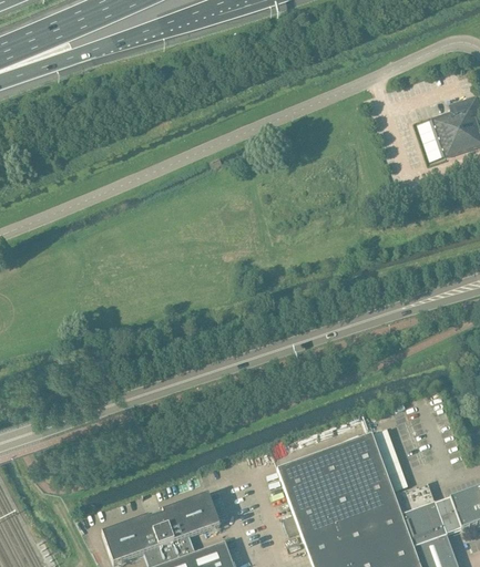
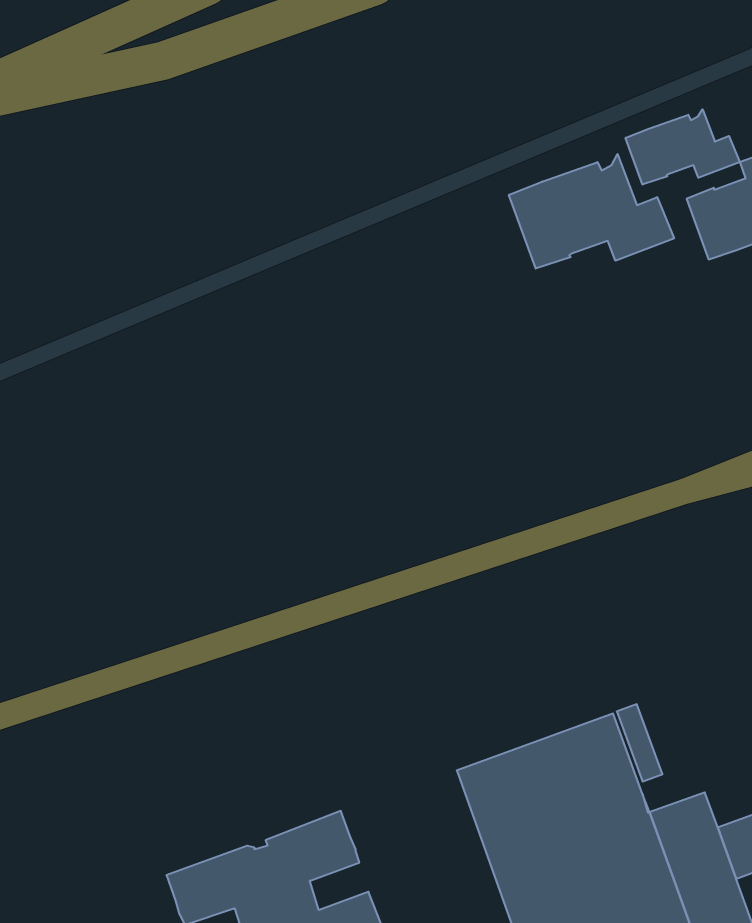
building: none -> [626,109,740,185]
building: none -> [509,154,674,269]

